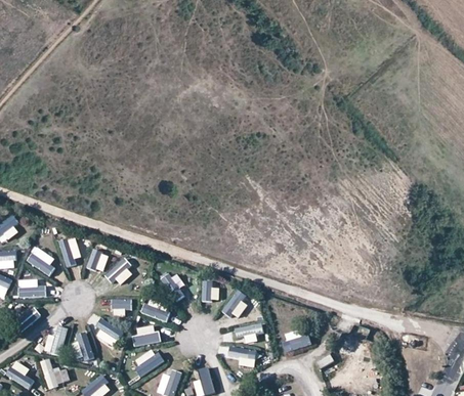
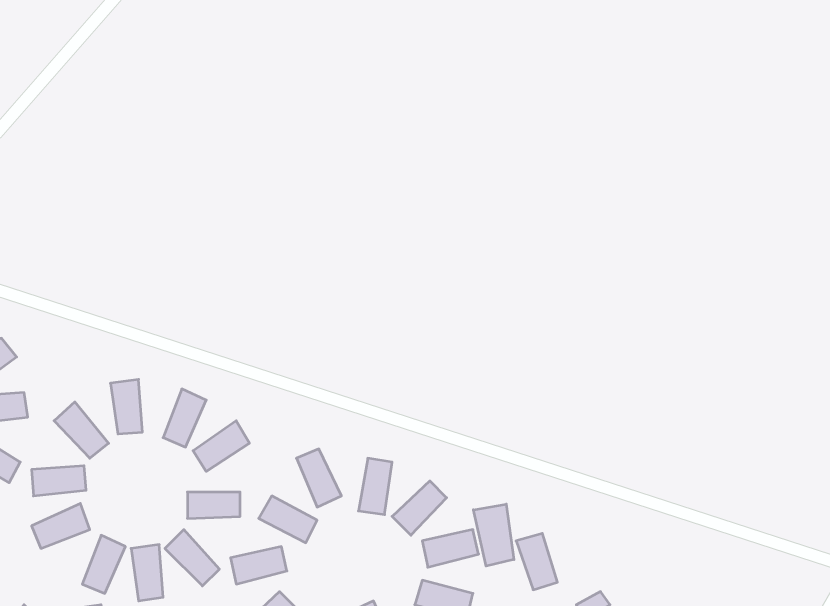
building: none -> [473,504,514,566]

